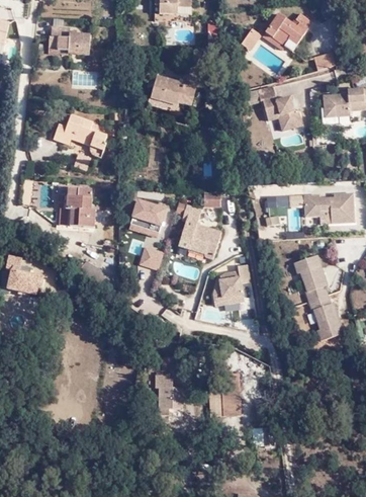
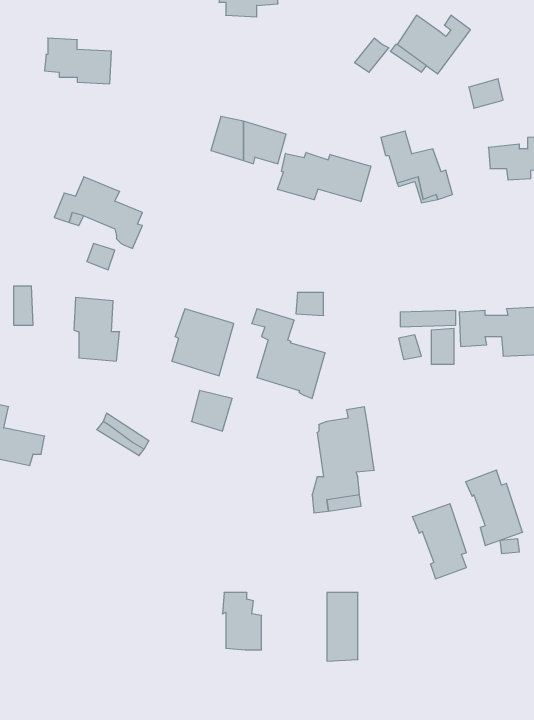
building: none -> [278,152,371,202]
building: [294,256,328,303] -> [412,504,466,579]

